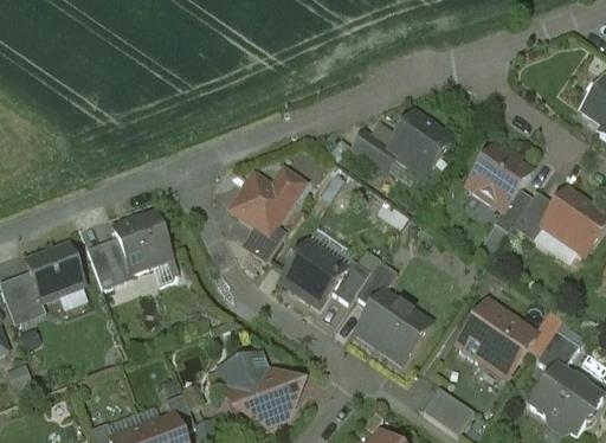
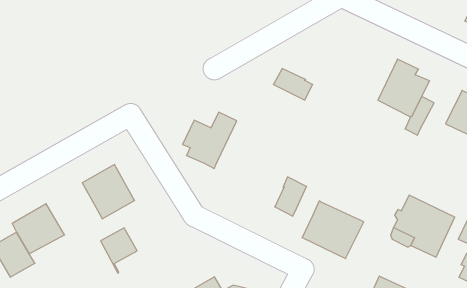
building: [388,111,452,174] -> none
building: [512,190,556,238] -> none
building: [246,225,285,258] -> none
building: [89,236,129,287] -> [101,228,137,273]
building: [282,240,346,304] -> none
building: [356,258,398,306] -> none

